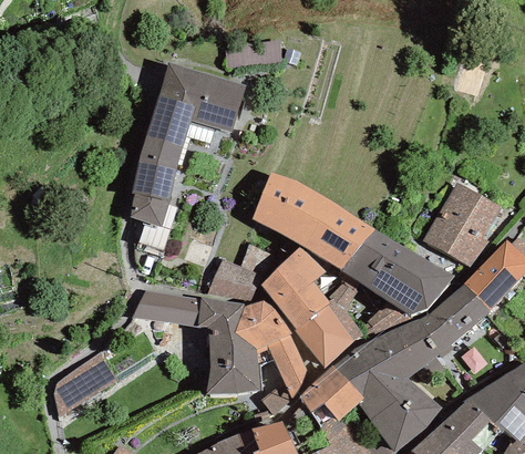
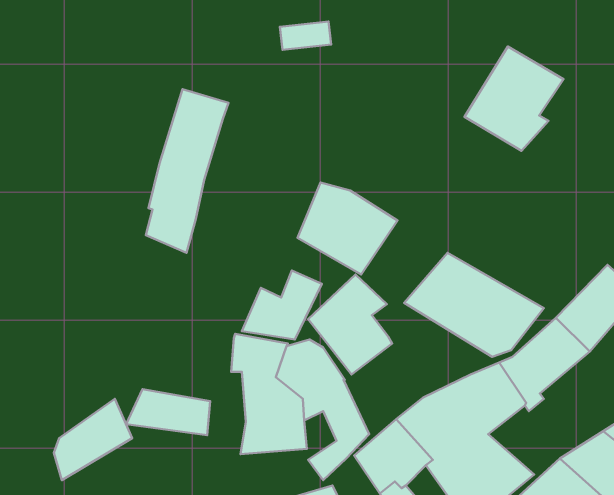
building: [158,63,246,132] -> none
building: [422,182,503,267] -> [465,47,563,151]
building: [305,203,375,270] -> none
building: [295,280,366,368] -> none
building: [132,289,200,327] -> [126,389,210,435]

